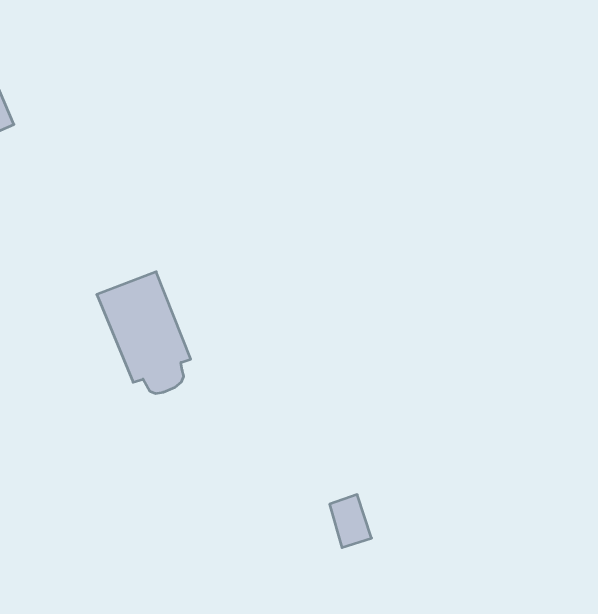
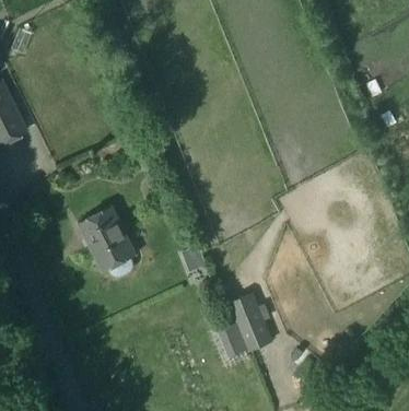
building: none -> [227,295,270,351]

